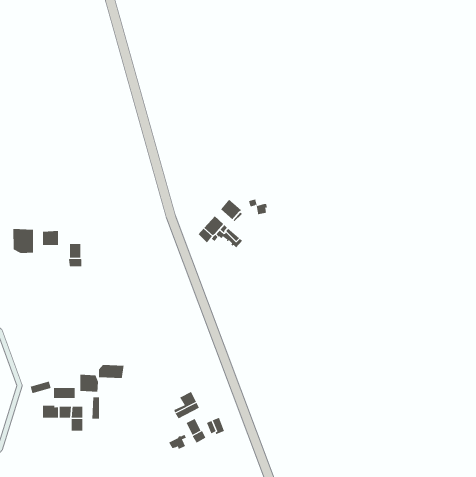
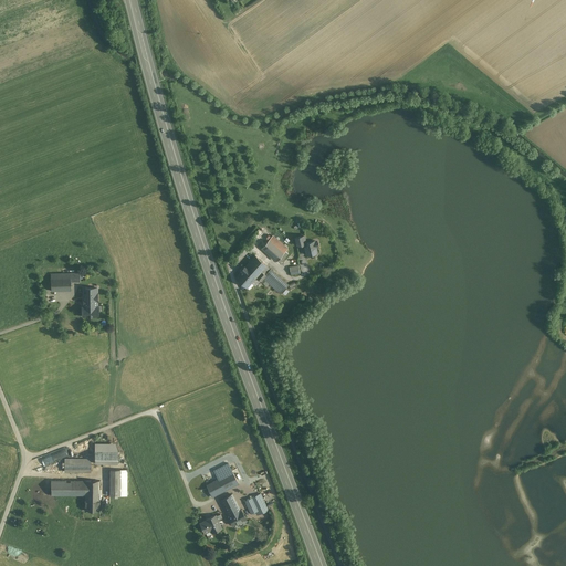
building: [13,228,33,254] -> none
building: [98,364,124,379] -> none

